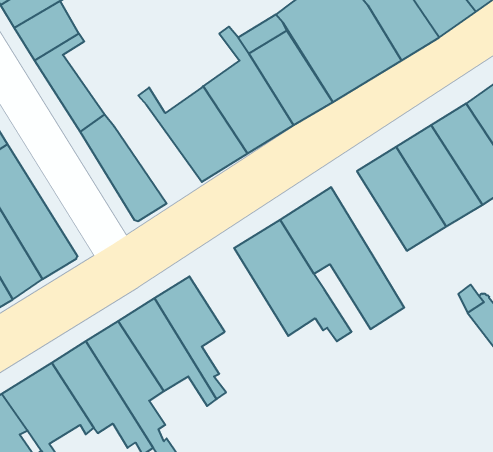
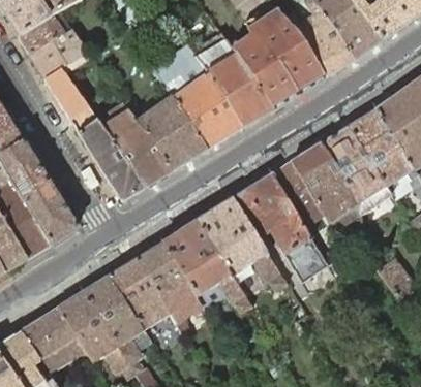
building: none -> [104,103,172,186]
building: none -> [271,161,329,227]
building: none -> [162,220,251,314]

